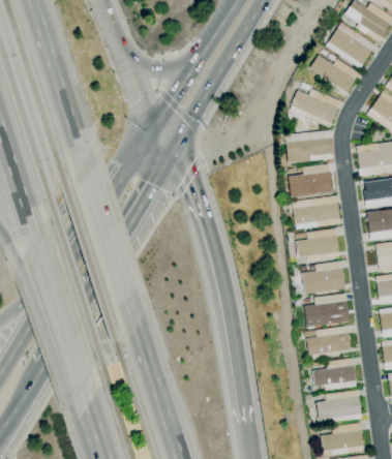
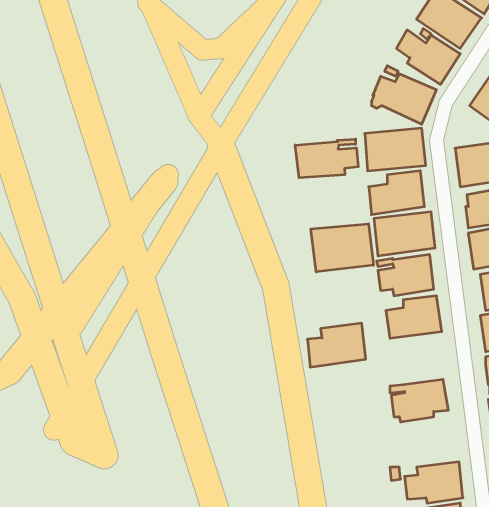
building: none -> [295,139,358,178]
building: none -> [311,224,373,272]
building: [304,294,350,328] -> [307,323,366,367]
building: [312,359,357,391] -> none

